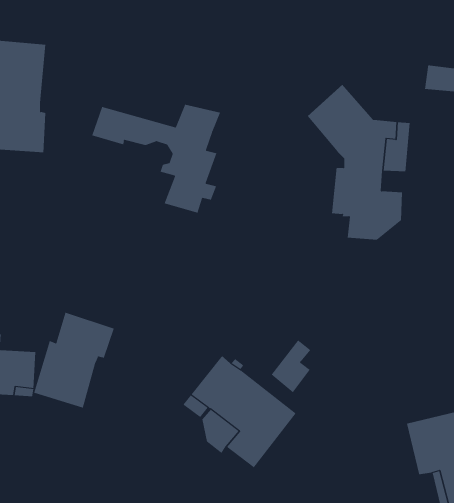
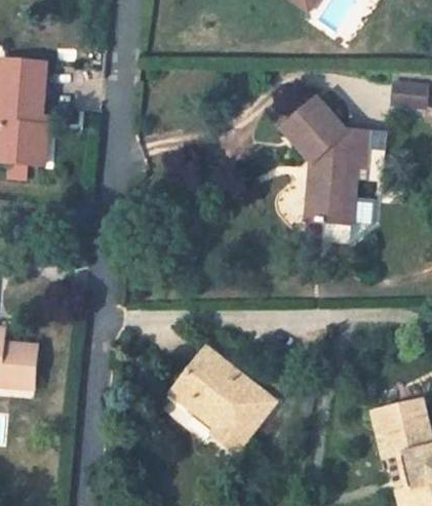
building: [92,104,221,214] -> none
building: [33,312,114,409] -> none
building: [271,340,311,393] -> none

